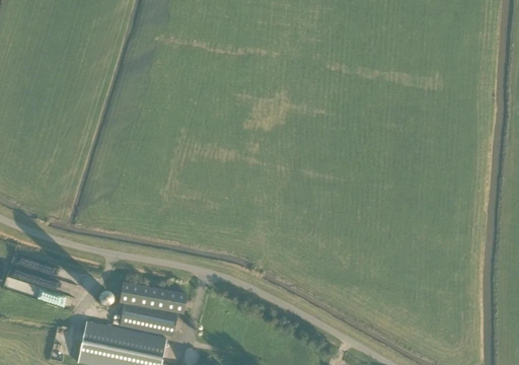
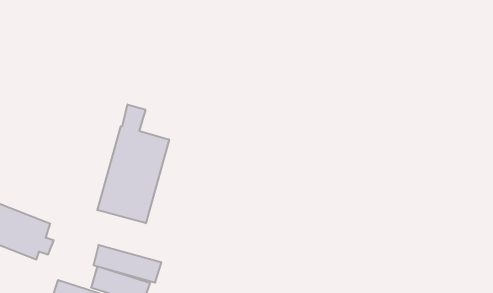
building: none -> [97,104,169,223]

